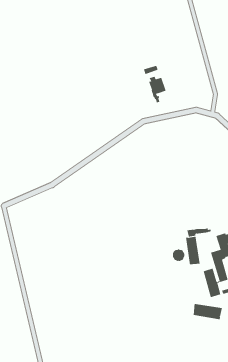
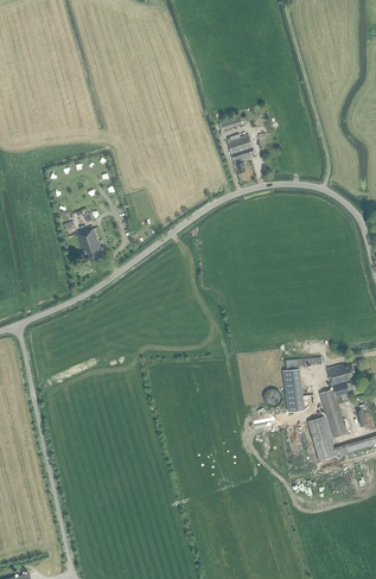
building: none -> [63,219,101,262]
building: [193,303,222,320] -> none

